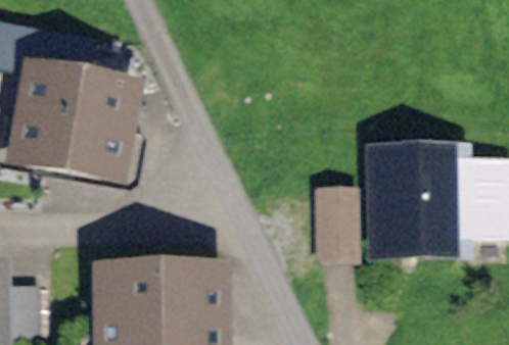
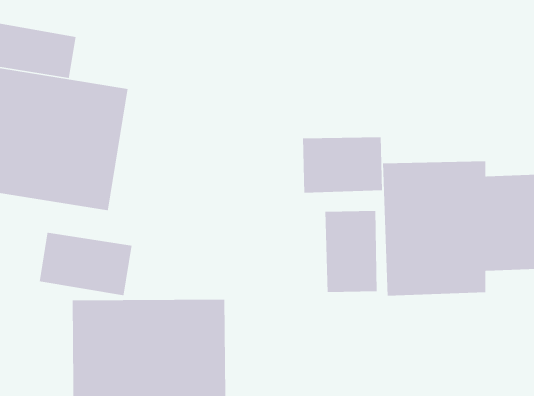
building: none -> [302,136,383,193]
building: none -> [39,232,132,296]

